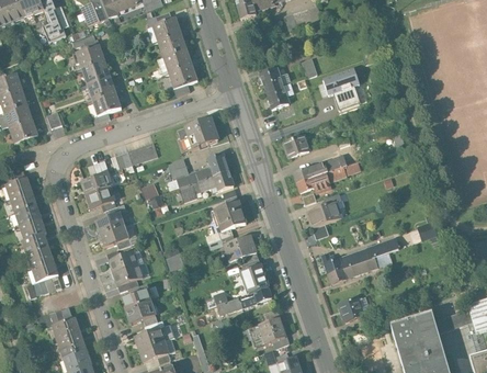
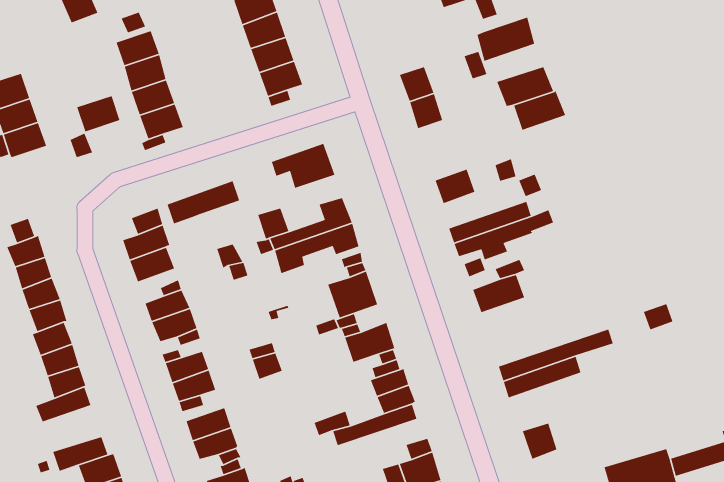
building: none -> [477,17,535,62]
building: [10,120,38,144] -> [76,95,121,133]

